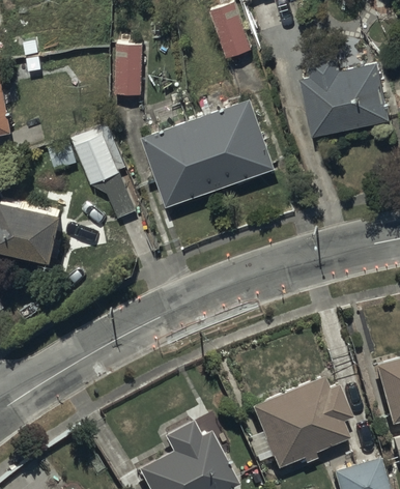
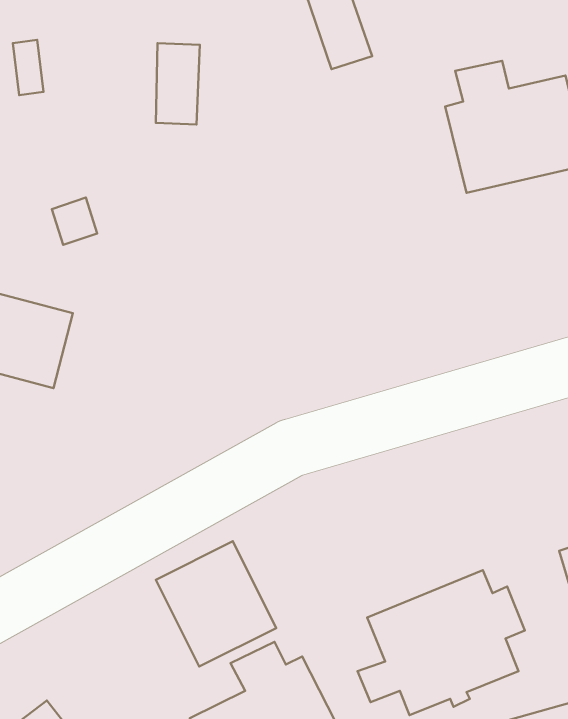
building: [143,100,277,207] -> none
building: [73,124,136,219] -> none
building: none -> [156,541,276,667]

